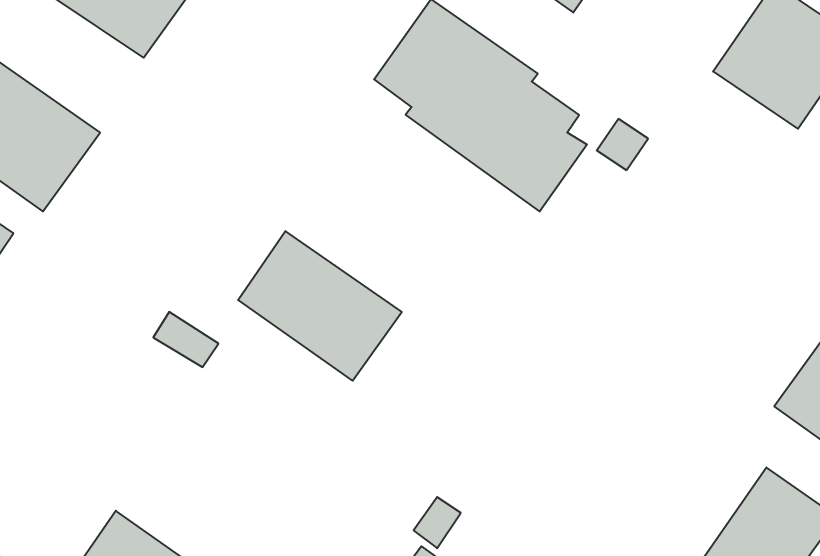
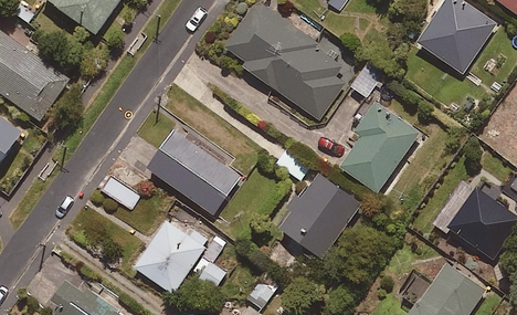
building: none -> [342,106,416,191]
building: none -> [281,174,361,259]
building: none -> [133,218,228,294]

